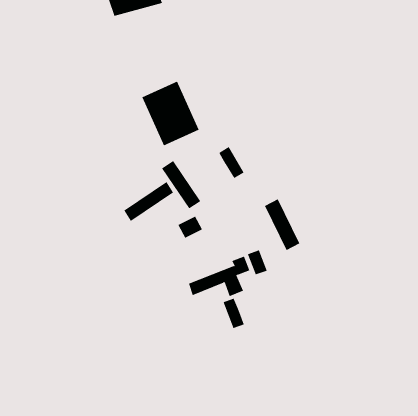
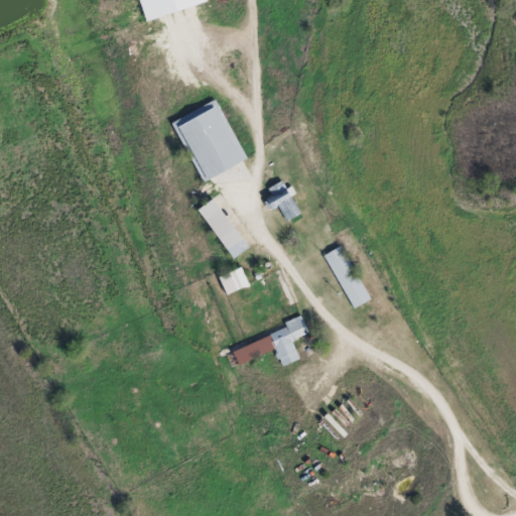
building: [124,181,174,222] -> none
building: [247,250,268,275] -> none
building: [223,298,244,329] -> none

